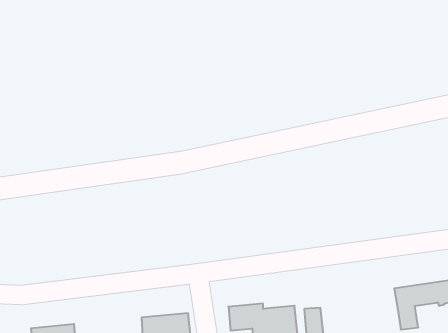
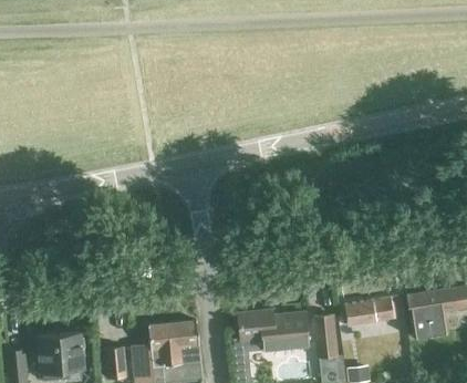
building: none -> [344,298,401,327]

